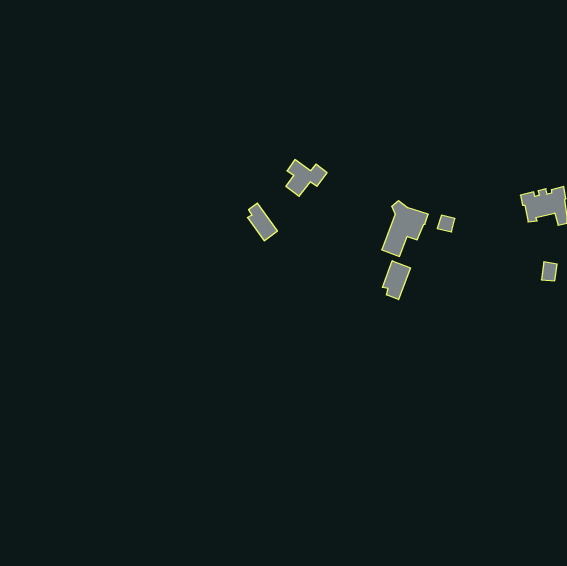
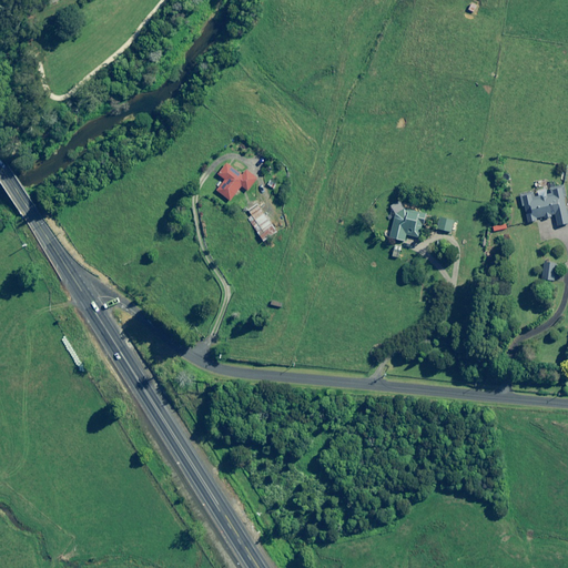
building: [286,160,327,196] -> [217,163,258,200]
building: [382,261,410,300] -> none

